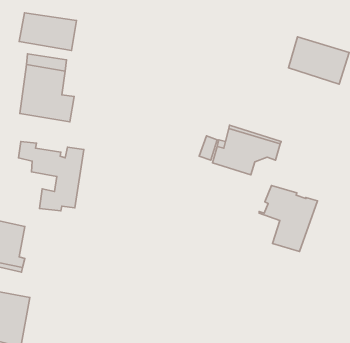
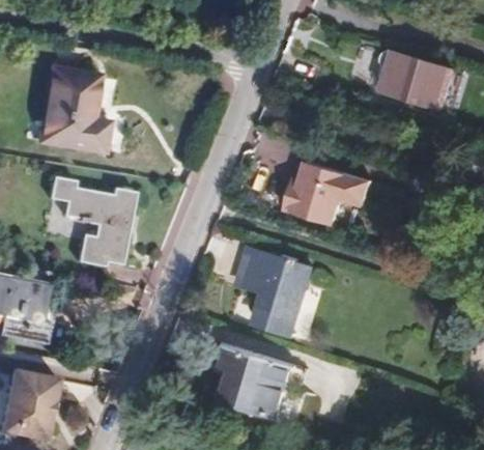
building: [19,13,76,50] -> none
building: [259,185,317,252] -> [236,249,310,333]
building: none -> [223,344,293,415]

